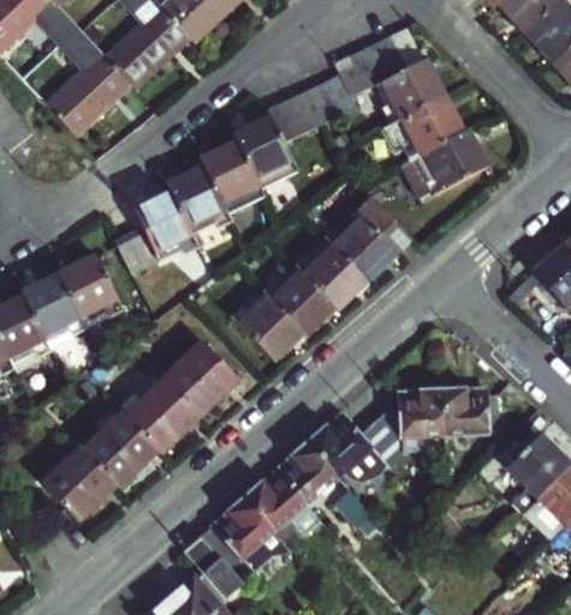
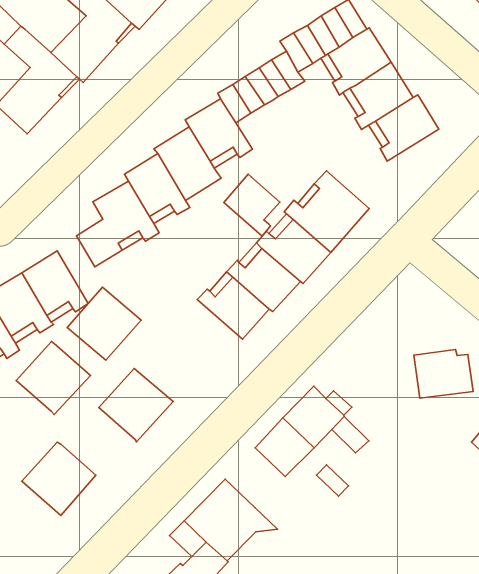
building: none -> [224,174,280,236]
building: [162,341,237,414] -> [67,287,141,360]
building: [386,388,445,447] -> none
building: [83,412,157,485] -> [16,341,91,415]
building: [244,467,317,530] -> none

